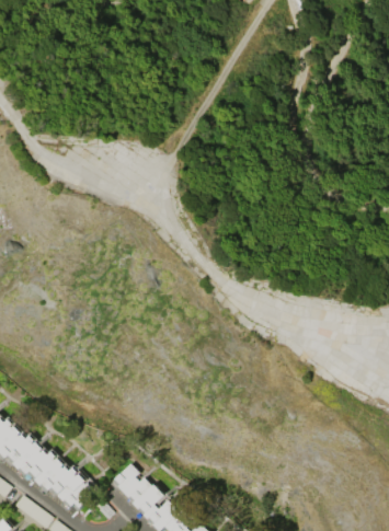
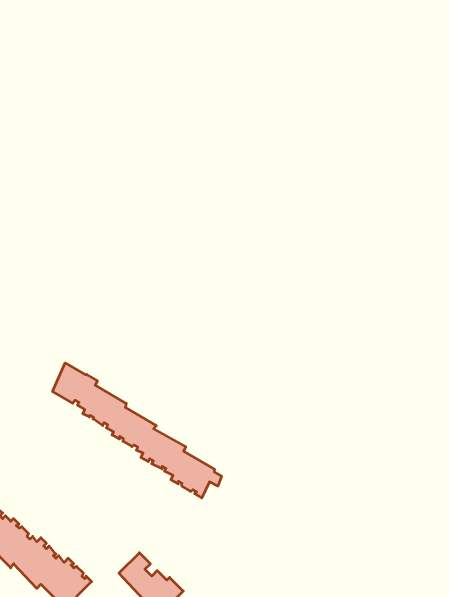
building: none -> [53,363,222,498]

